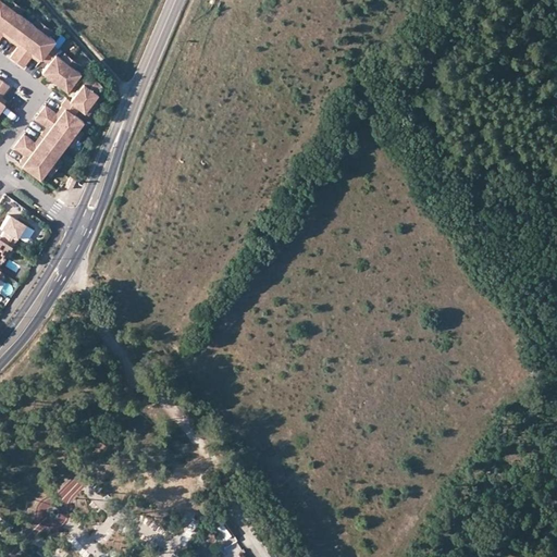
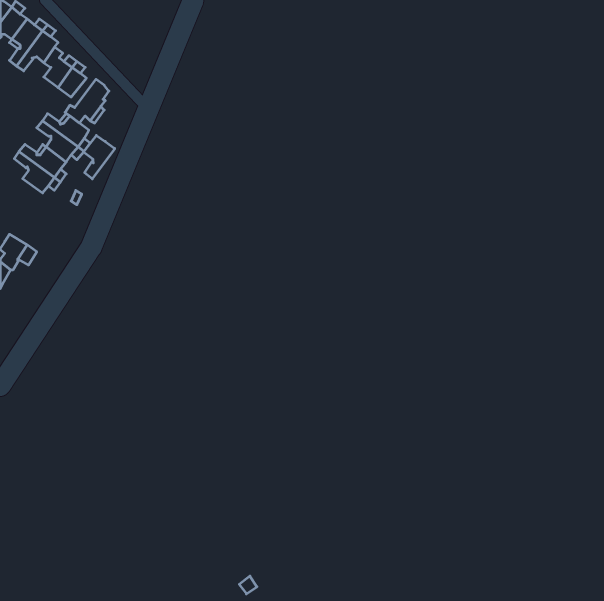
building: none -> [83,135,115,179]

